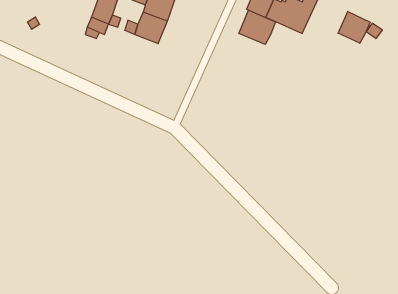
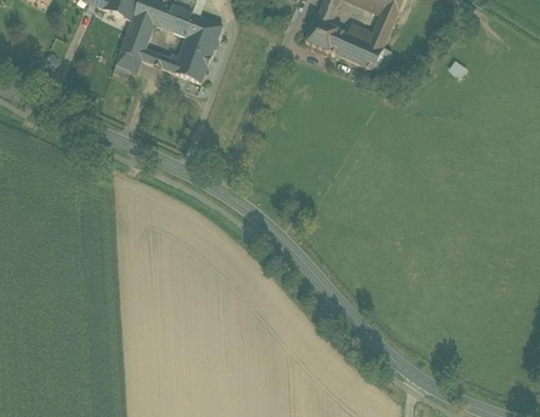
building: [239,10,275,44] -> none
building: [338,11,370,43] -> none

